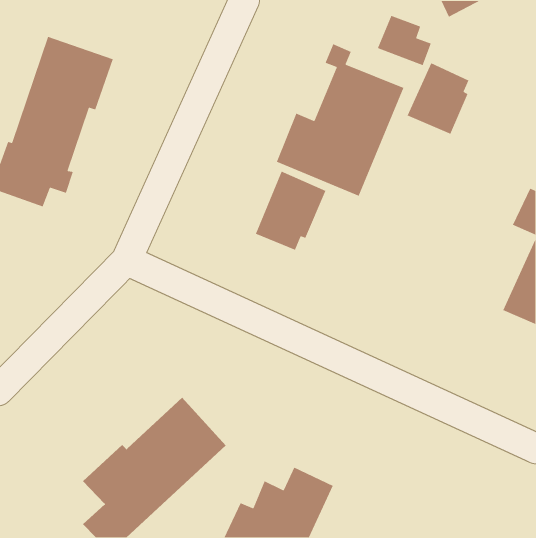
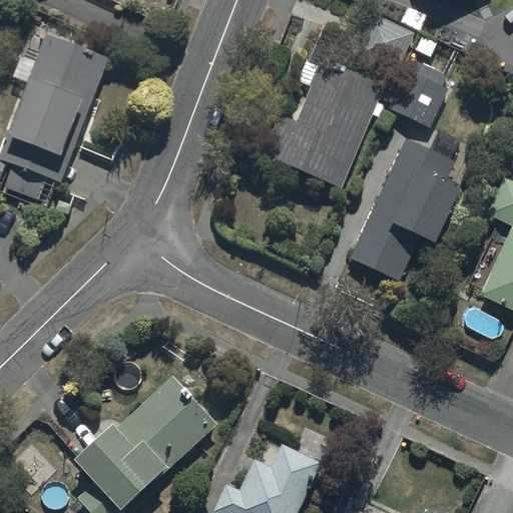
building: none -> [350,138,461,281]
building: [255,171,326,251] -> none

